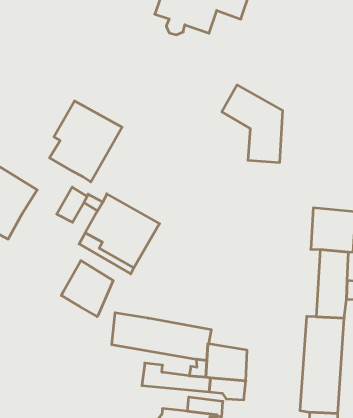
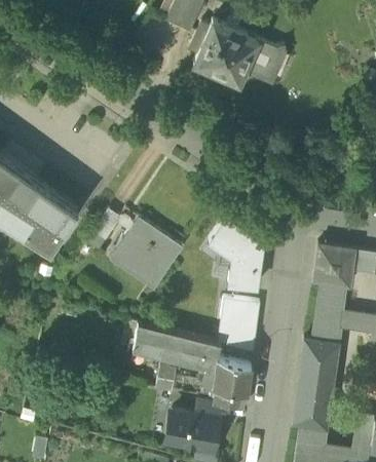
building: [222,85,283,162] -> [209,218,262,288]
building: [50,101,122,182] -> none
building: [61,261,113,317] -> none
building: none -> [220,298,260,352]

